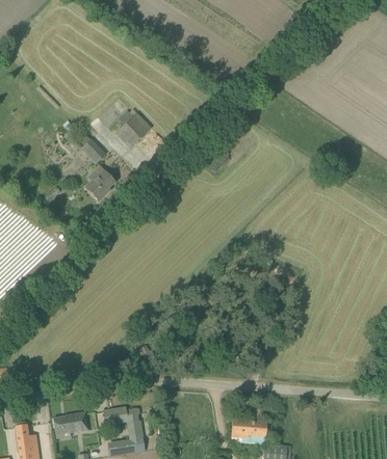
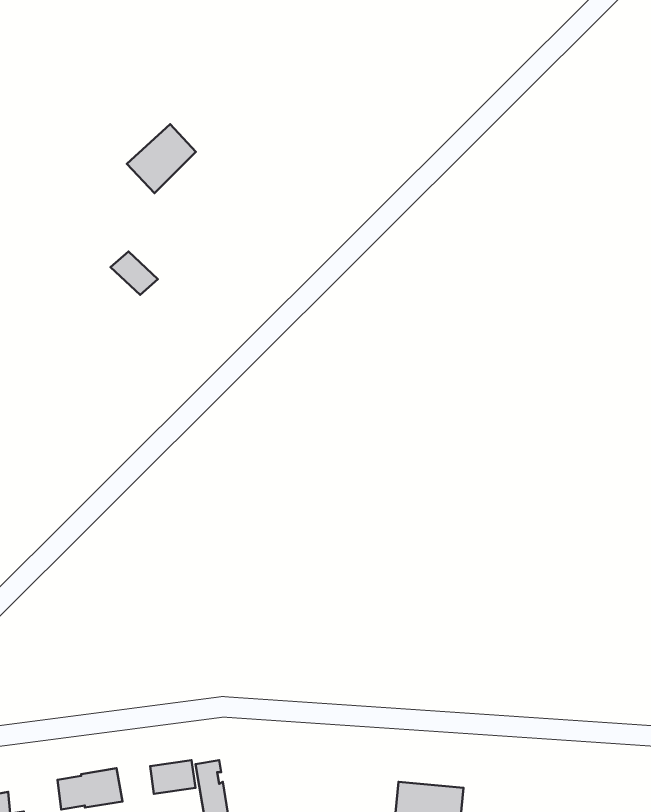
building: [113,112,150,148] -> [127,124,196,193]
building: [84,169,114,200] -> none

